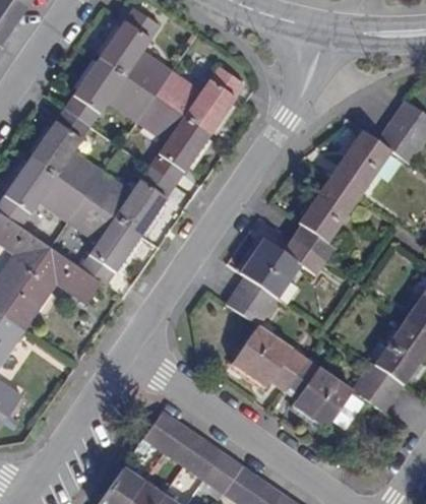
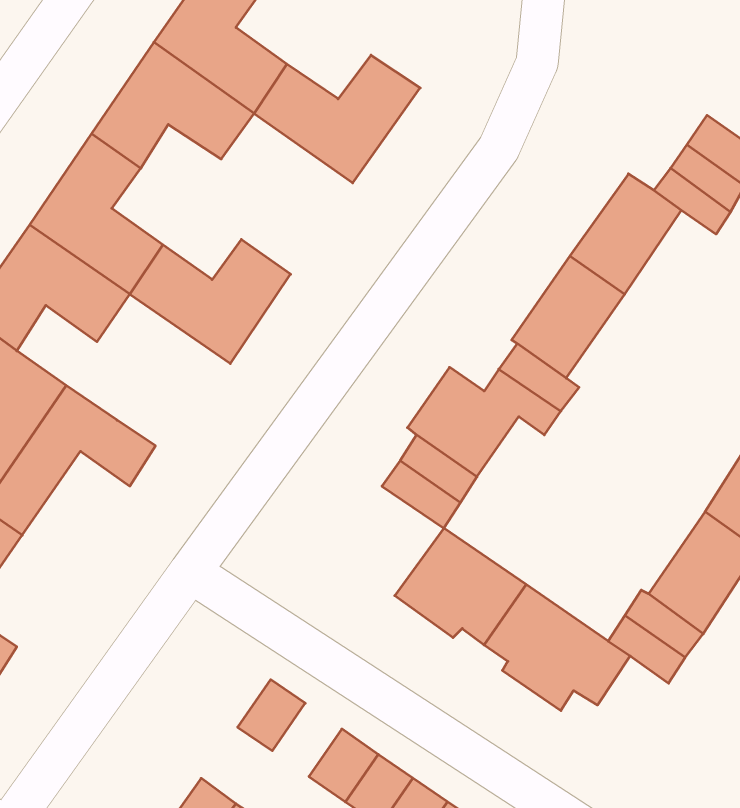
building: [135,97,208,186] -> none
building: [66,197,140,287] -> none
building: [164,425,202,465] -> none

